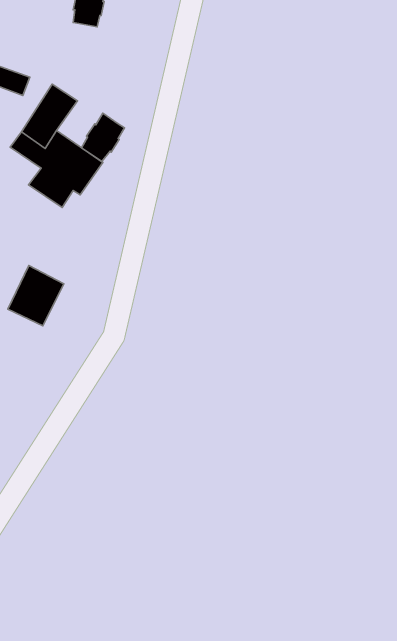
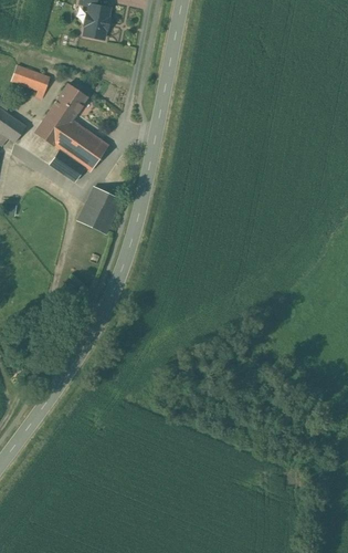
building: [82,113,124,162] -> none
building: [8,266,64,326] -> [78,186,123,233]

